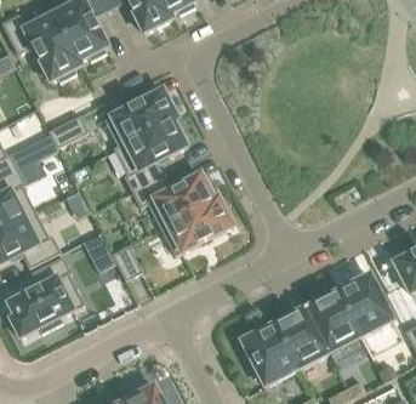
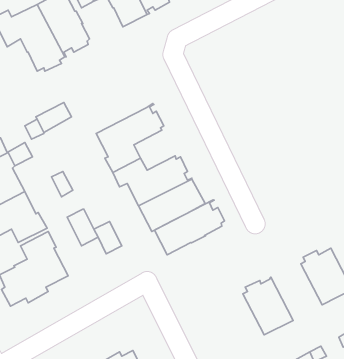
building: [104,90,176,149] -> none
building: none -> [155,200,225,255]
building: [304,290,360,353] -> none
building: [241,323,297,386] -> none

